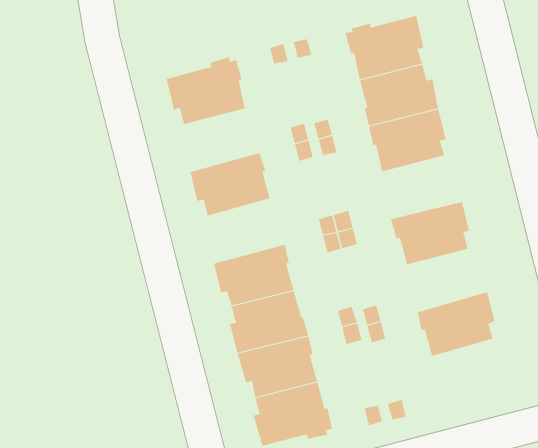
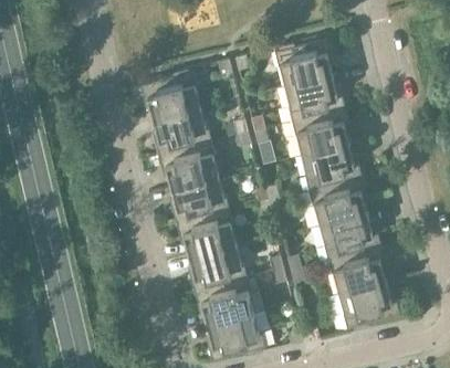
building: none -> [153,107,211,155]
building: none -> [302,143,363,190]
building: none -> [170,175,230,223]
building: none -> [321,212,381,260]
building: none -> [339,280,400,330]

